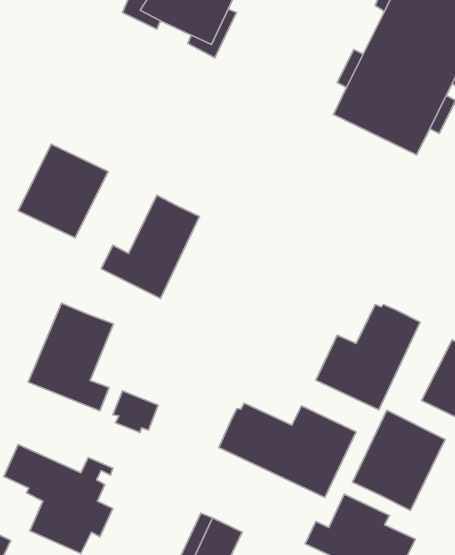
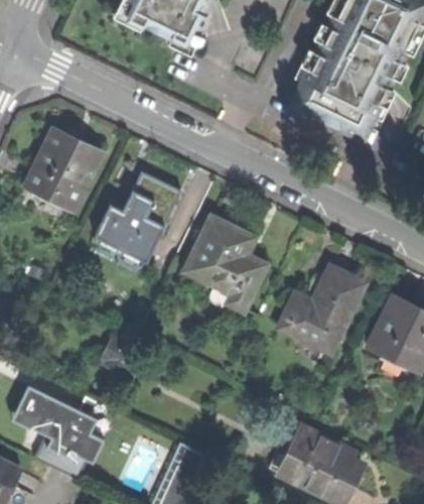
building: none -> [187,219,263,307]
building: [28,303,113,411] -> none
building: [219,403,356,498] -> none
building: [353,410,445,511] -> none

